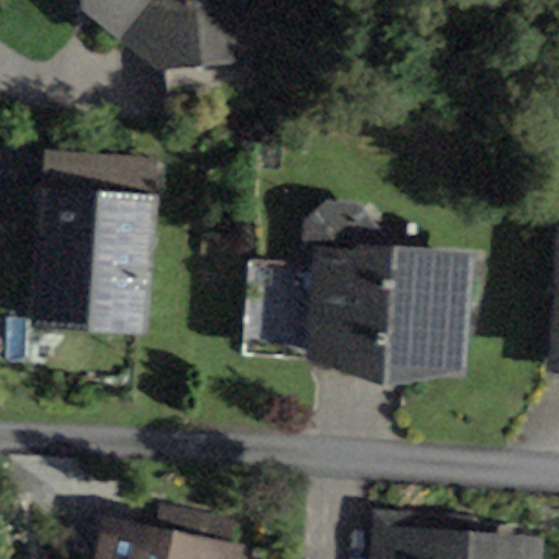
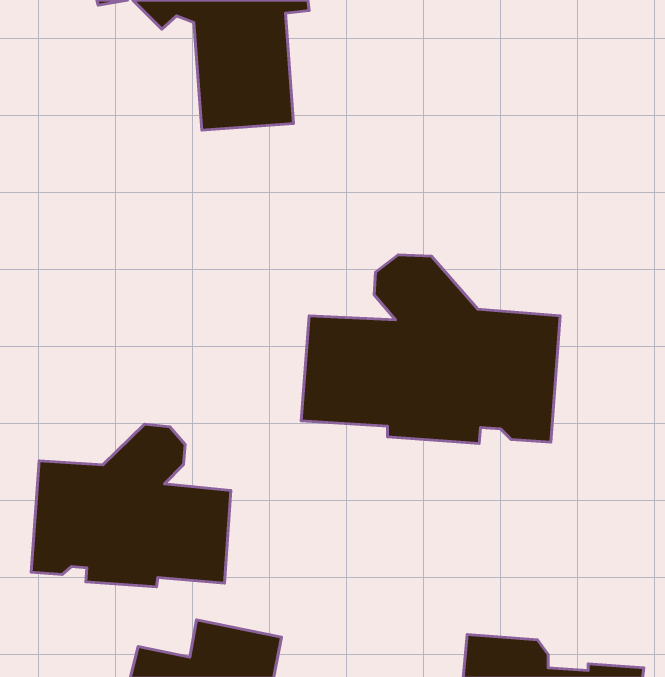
building: [53,152,159,323] -> none
building: none -> [31,424,231,587]

